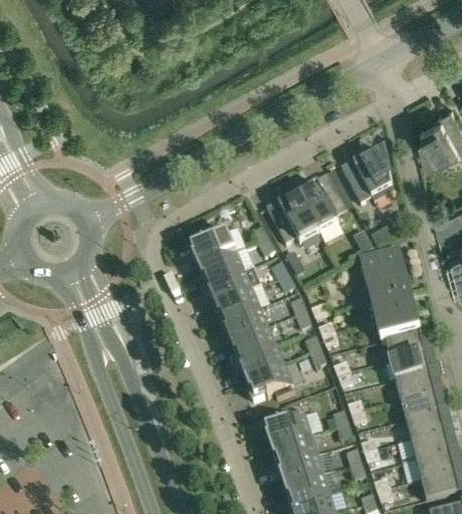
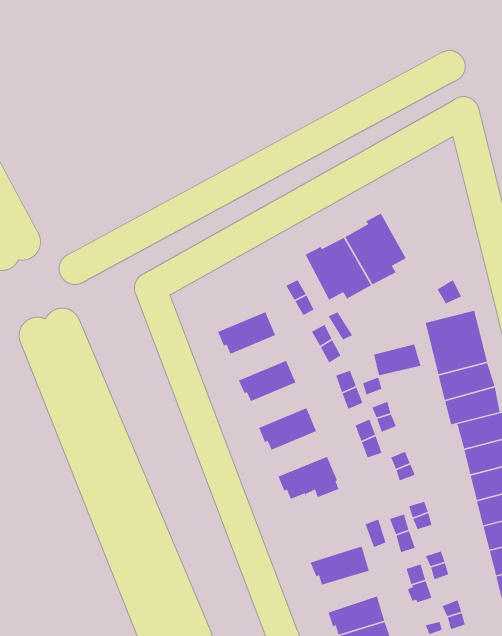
building: [340,151,395,202] -> none
building: [189,228,246,267] -> none
building: [206,266,261,305] -> none
building: none -> [373,342,422,376]
building: [222,307,268,342] -> none
building: [238,345,284,380] -> none
building: [263,409,311,448] -> none
building: [277,455,323,487] -> none

